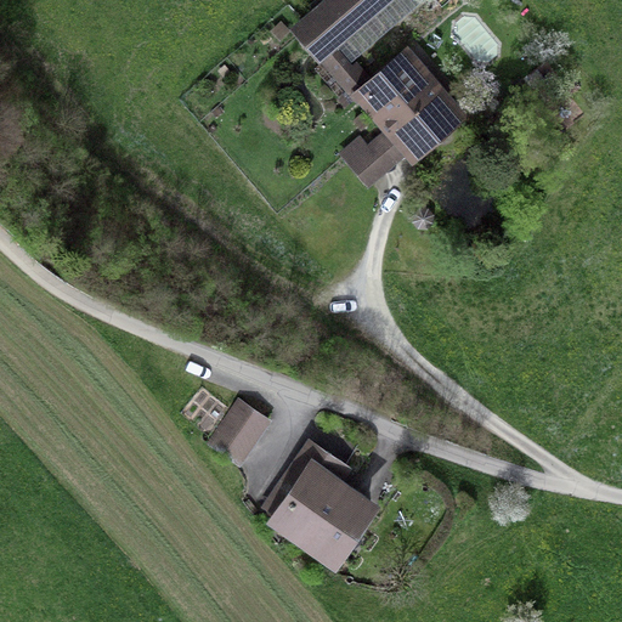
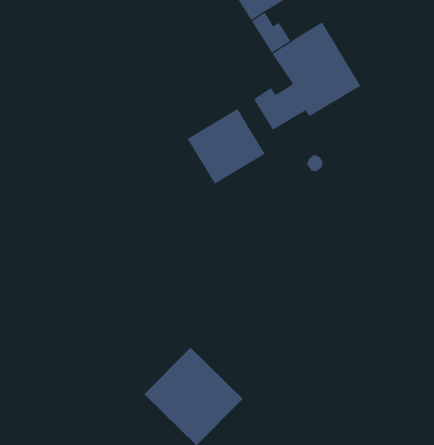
building: none -> [187,108,265,184]
building: [208,396,267,462] -> none

